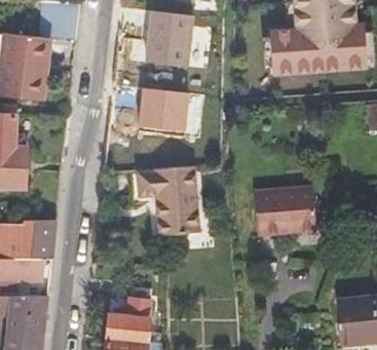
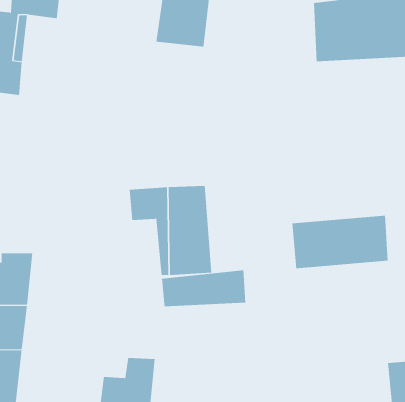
building: [144,84,186,133] -> none
building: none -> [161,270,246,307]

